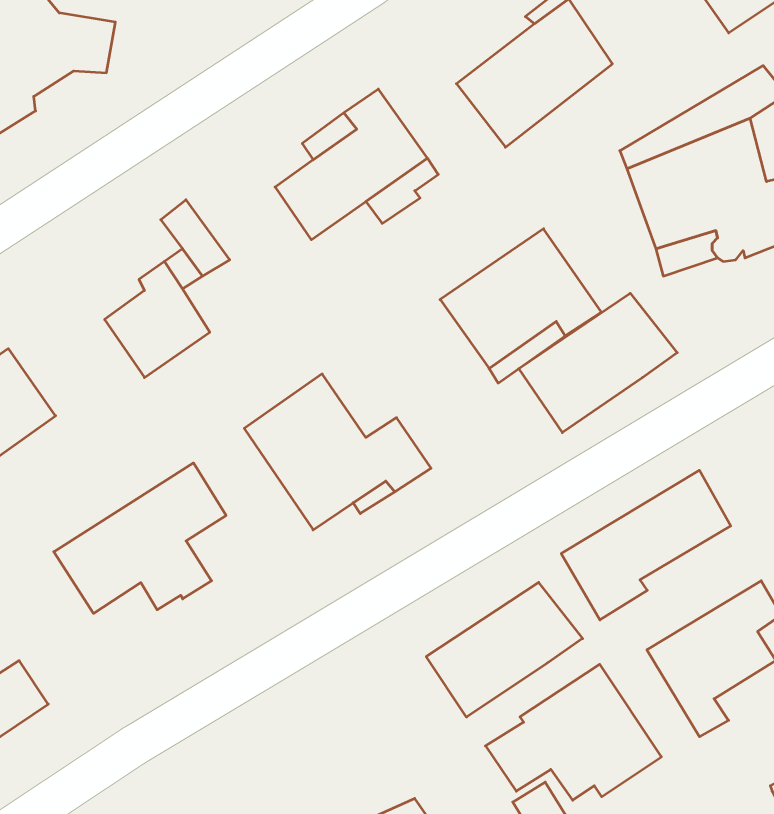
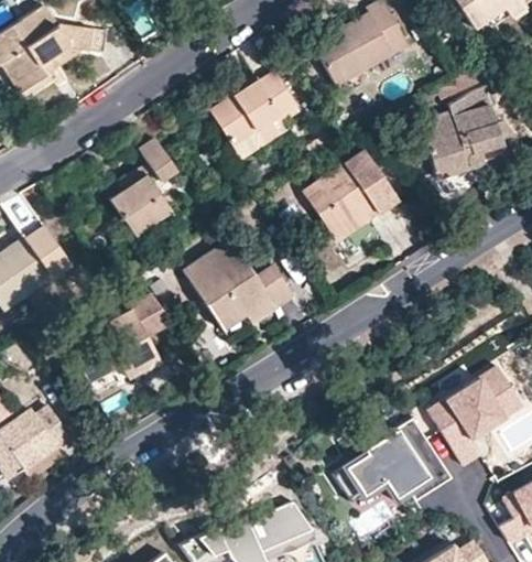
building: [519,293,677,433] -> none
building: [561,470,731,620] -> none
building: [426,582,583,717] -> none

